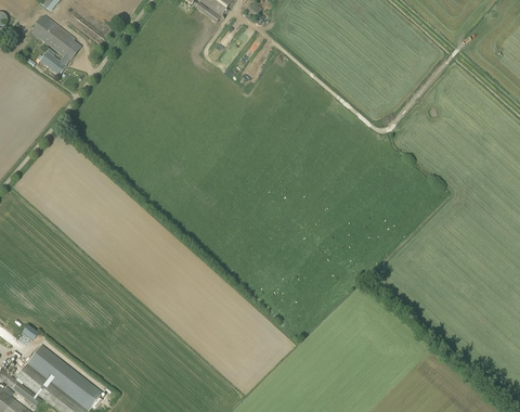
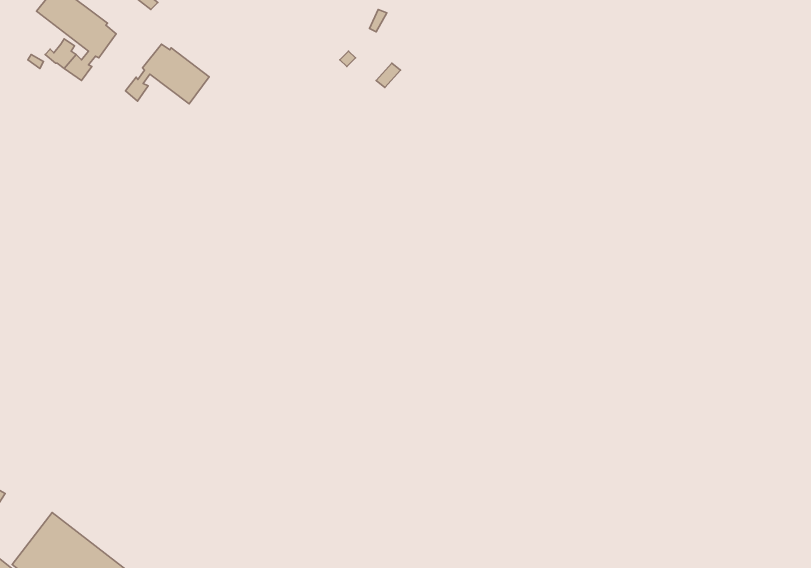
building: none -> [125,44,209,104]

